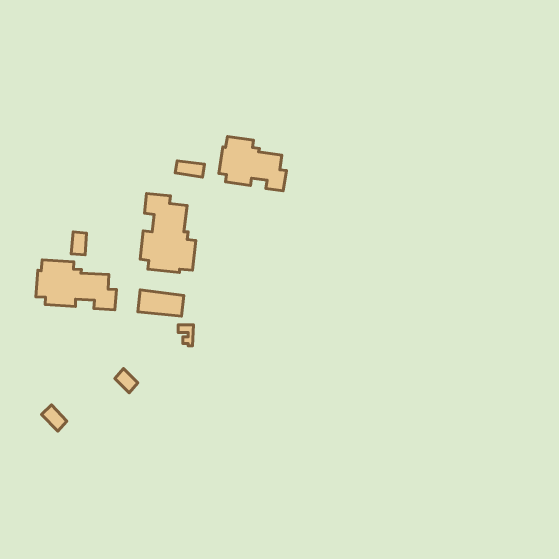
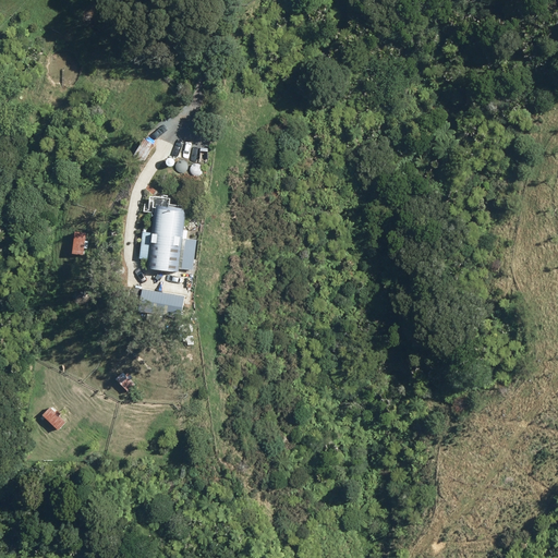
building: [219,136,287,191] -> none
building: [36,260,117,310] -> none

